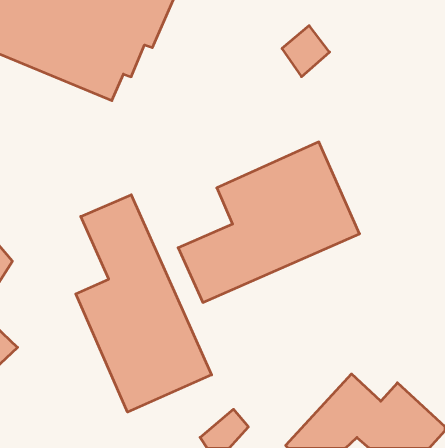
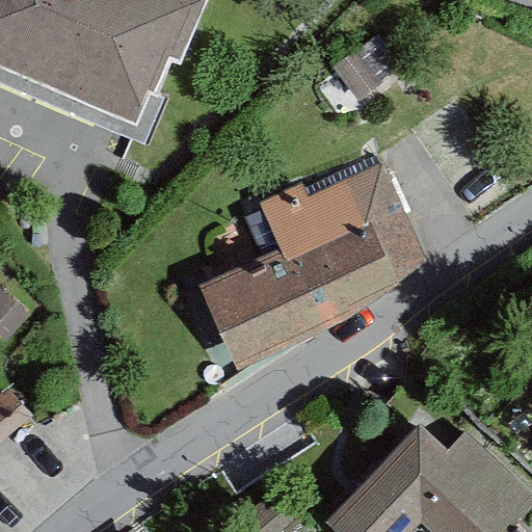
building: [76,195,212,412] -> none

